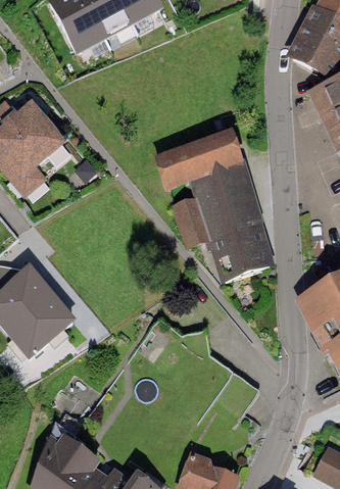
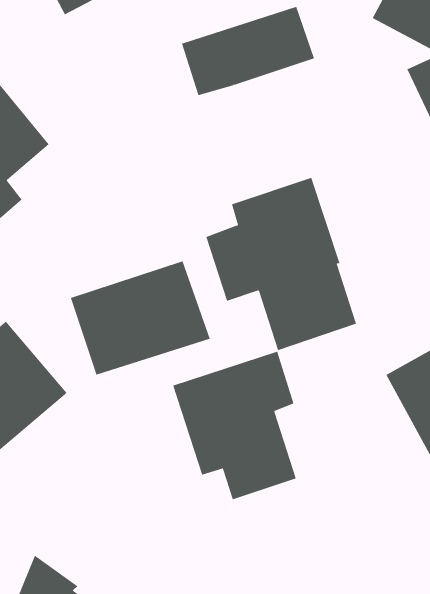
building: [154,130,245,191] -> [181,6,315,96]
building: none -> [70,261,210,376]
building: none -> [173,351,296,500]

